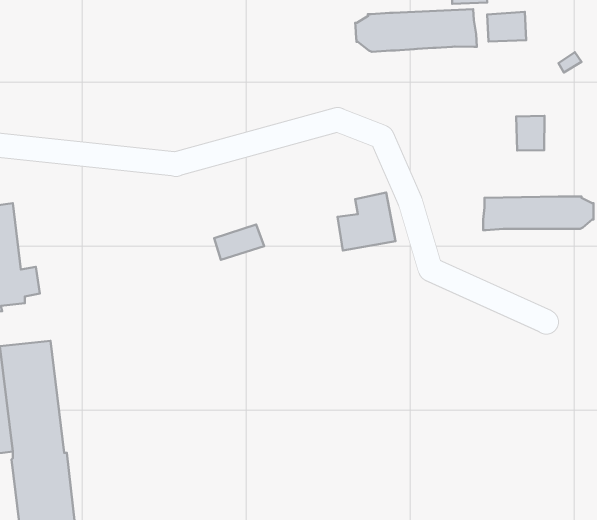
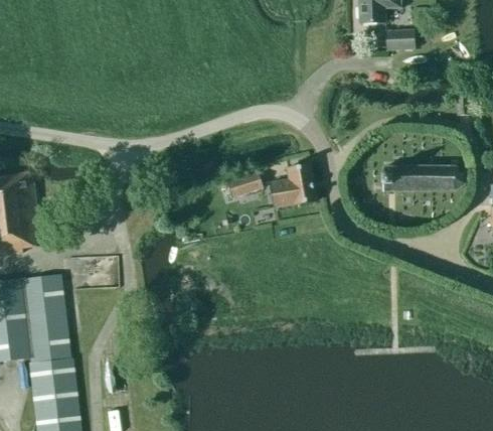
building: [355,9,477,52] -> none
building: [516,116,545,150] -> none
building: [214,225,264,260] -> [226,170,264,196]

